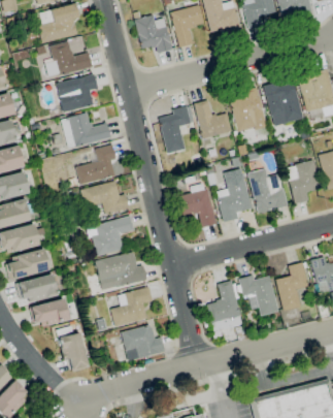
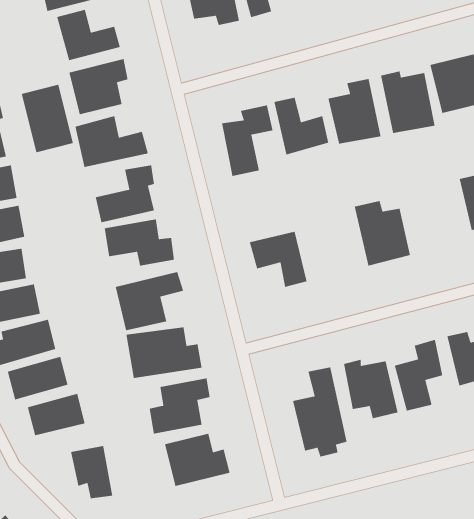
building: none -> [21,84,74,153]
building: [285,160,320,203] -> none
building: [217,167,251,221] -> none

